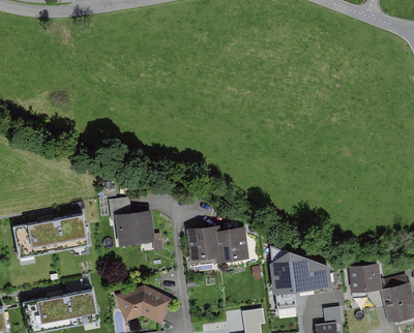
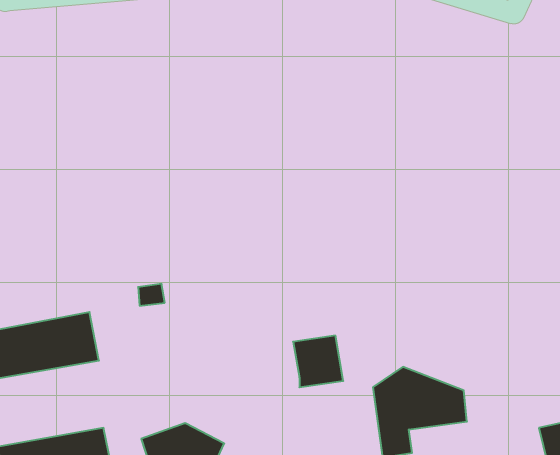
building: [114,210,153,246] -> none
building: [187,228,220,260] -> none
building: [348,264,381,292] -> none

